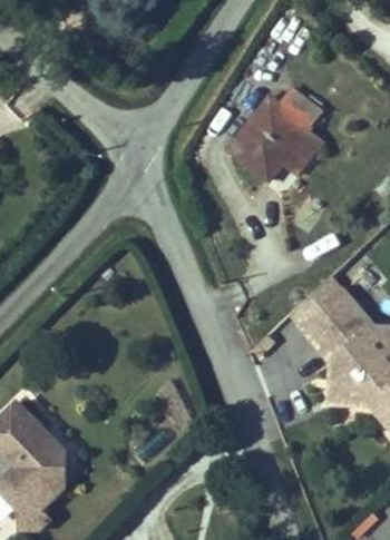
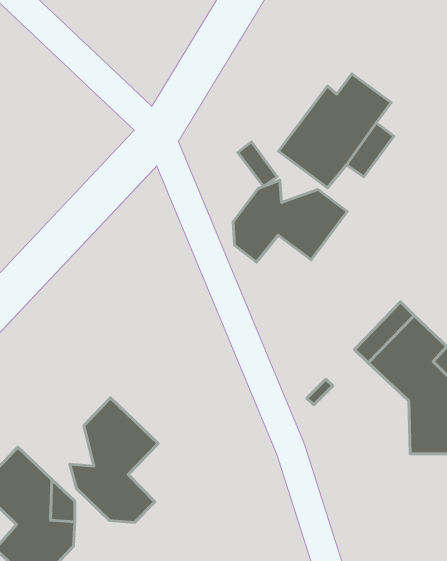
building: none -> [233,180,347,262]
building: none -> [70,398,158,522]

